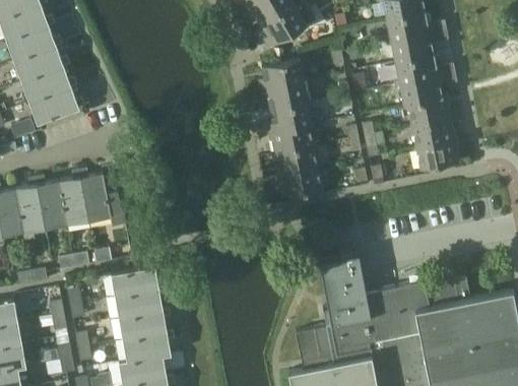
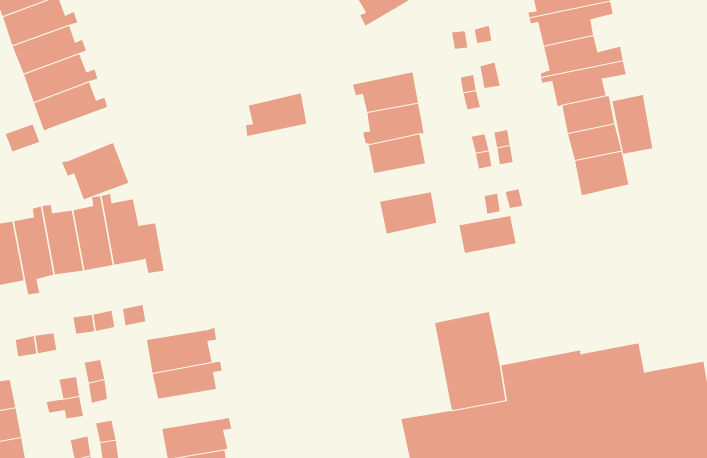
building: [259,60,304,91] -> [245,93,307,137]
building: none -> [612,94,653,155]
building: none -> [61,142,129,200]
building: [275,148,317,176] -> [459,215,517,253]
building: [120,309,171,339] -> none

